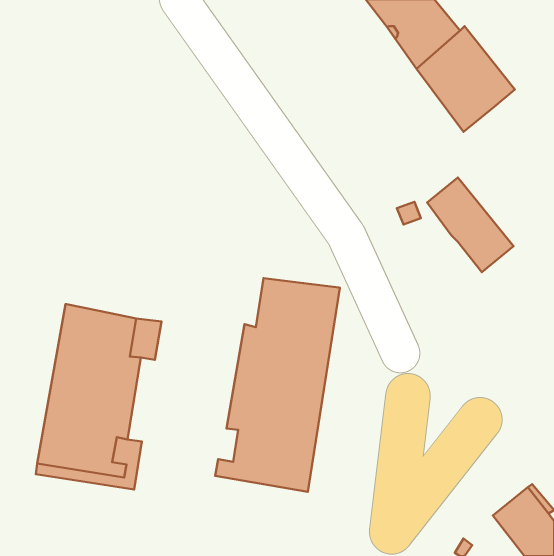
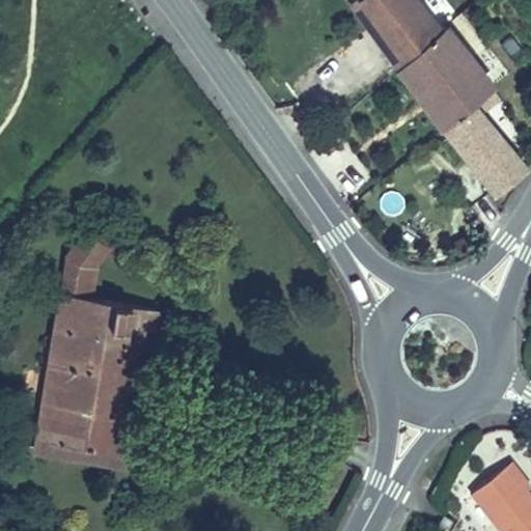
building: [427,177,513,272] -> [441,102,523,192]
building: none -> [63,231,112,296]
building: [215,278,340,492] -> none

